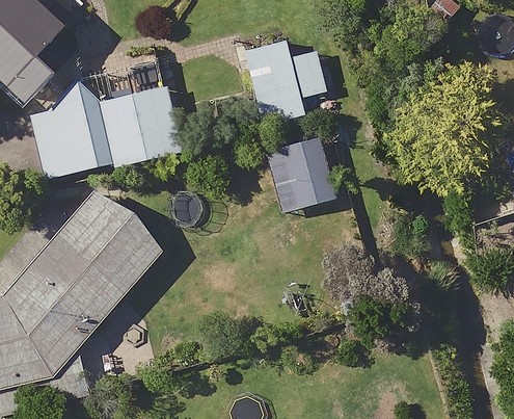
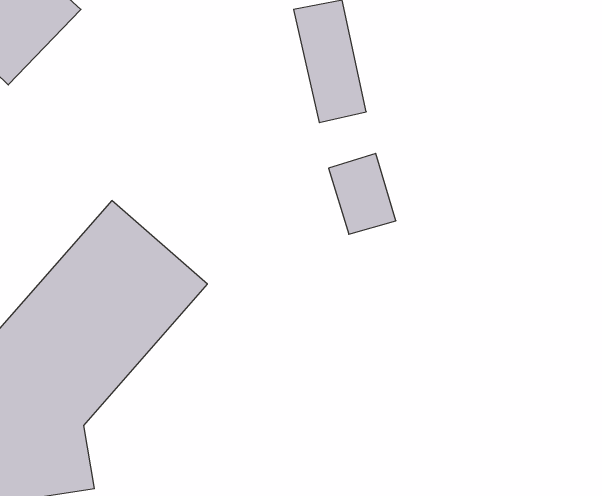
building: [32,88,178,173] -> none

